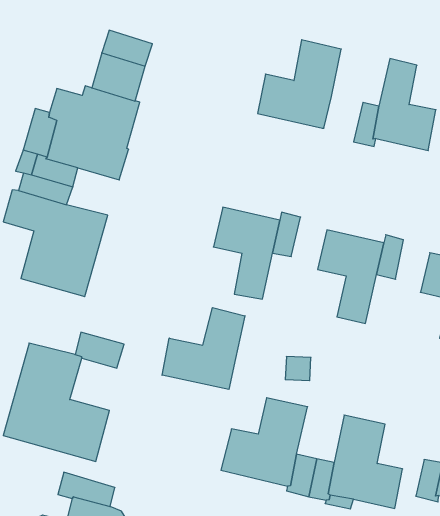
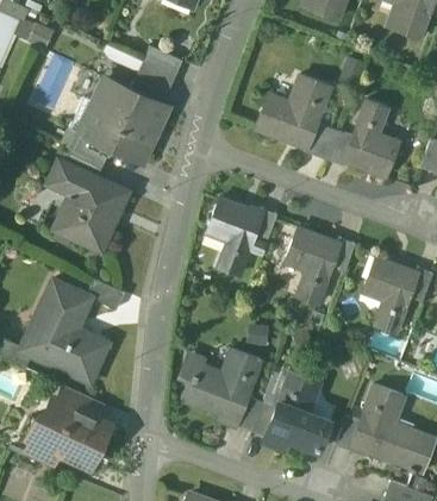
building: none -> [304,123,339,161]
building: [162,308,245,389] -> none

